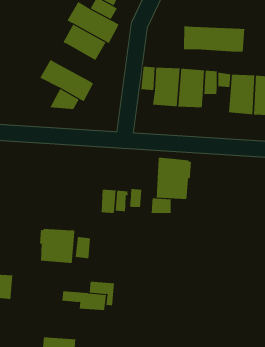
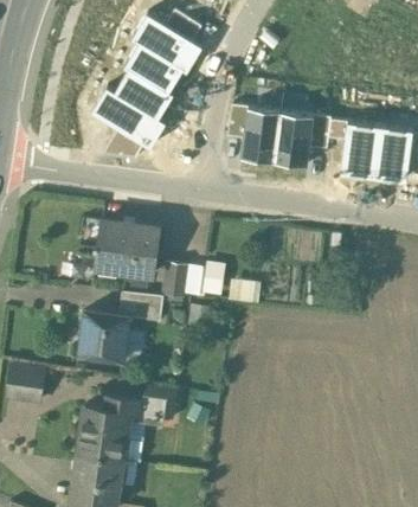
building: [183,25,245,53] -> none
building: none -> [117,68,175,118]
building: [156,157,191,200] -> none
building: none -> [95,220,160,275]
building: none -> [118,290,163,321]
building: none -> [78,404,129,460]

